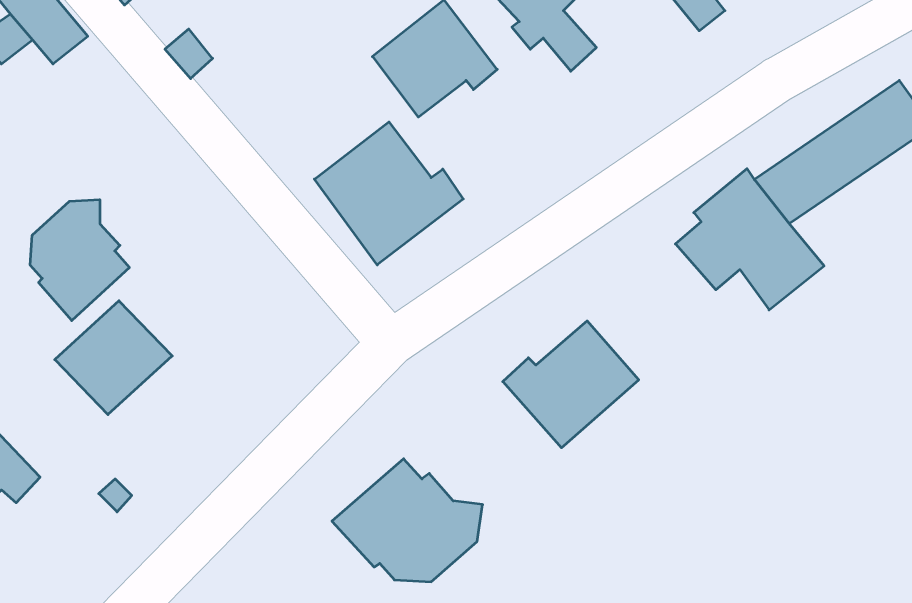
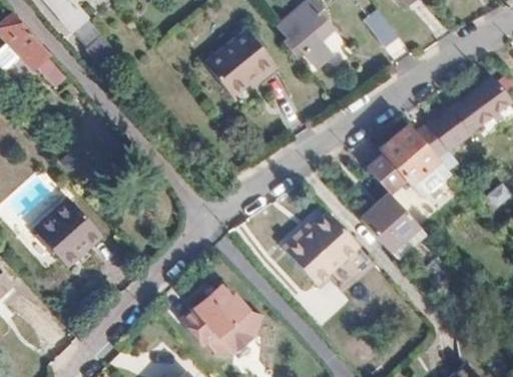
building: [314,122,463,265] -> none
building: [30,200,129,321] -> none
building: none -> [367,197,424,255]

